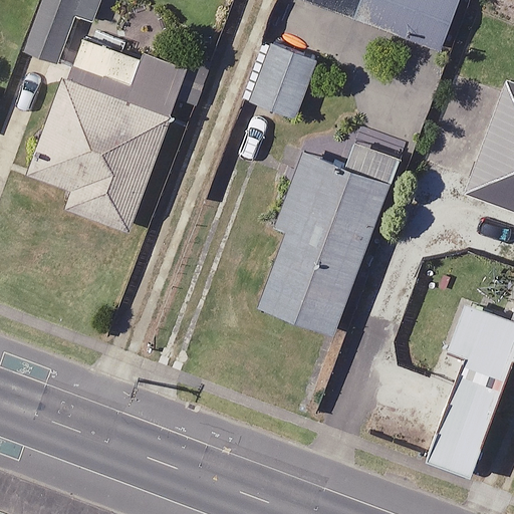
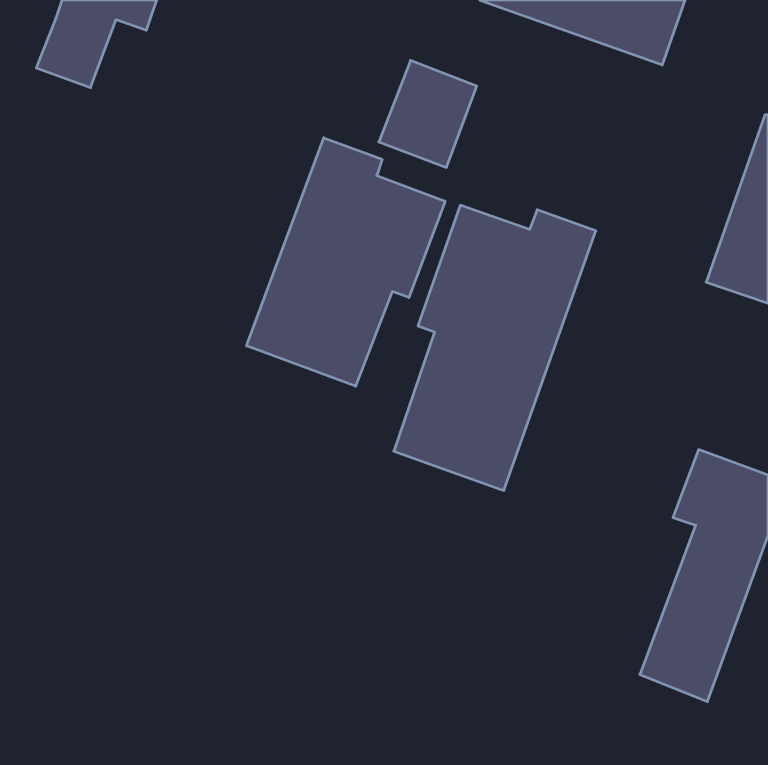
building: [29,33,186,228] -> none
building: none -> [247,138,445,386]

